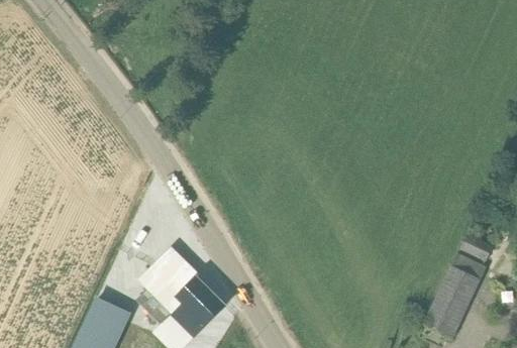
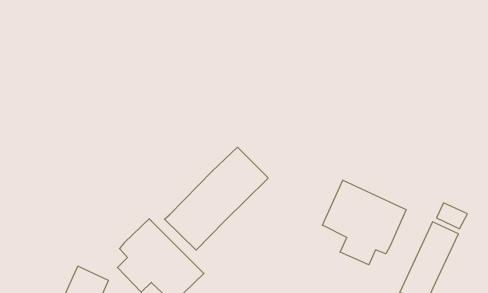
building: none -> [164,147,268,250]
building: none -> [322,180,406,265]

